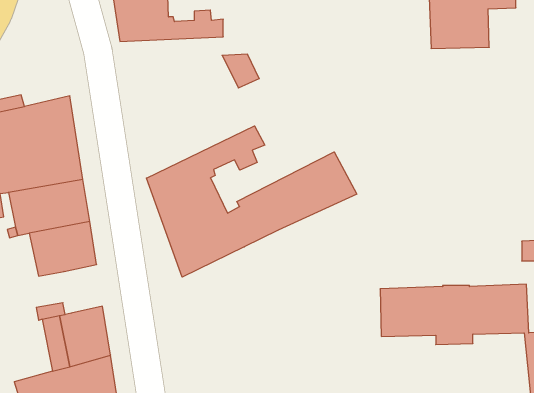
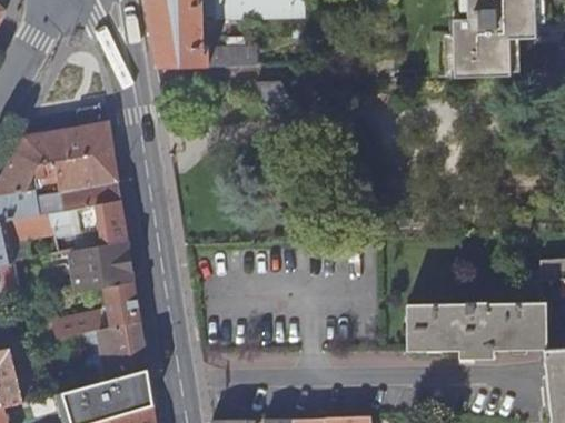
building: [146,126,357,277] -> none
building: none -> [103,282,140,329]

